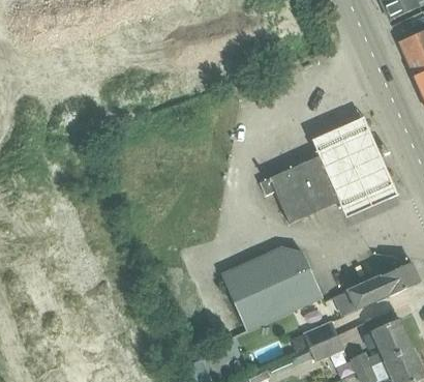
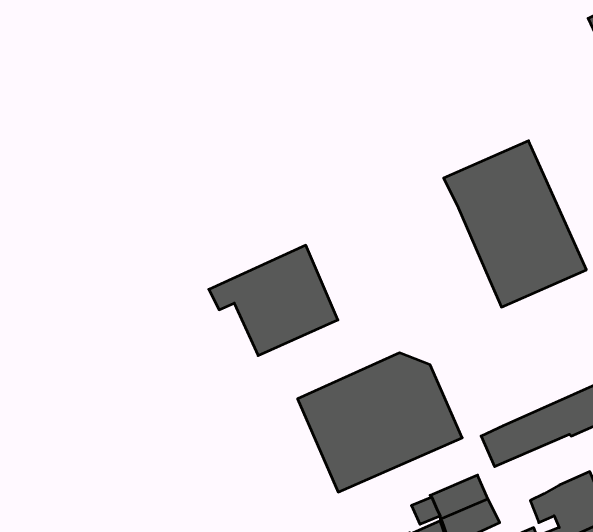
building: [260,155,338,223] -> [209,245,338,356]

